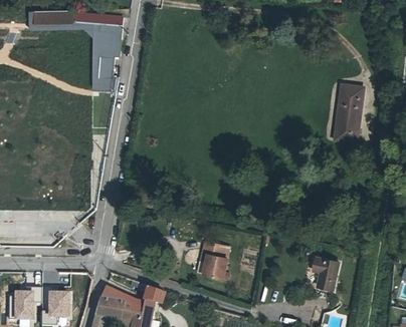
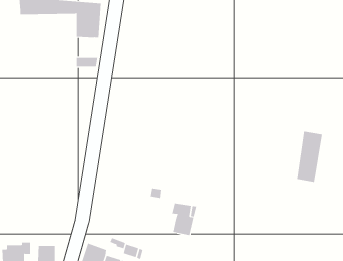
building: [92,53,114,76] -> none
building: [336,84,366,143] -> [296,131,323,183]
building: [312,258,337,291] -> none

